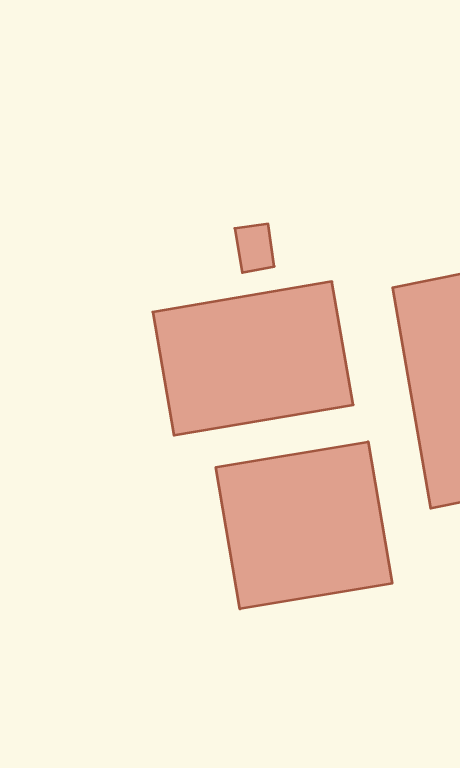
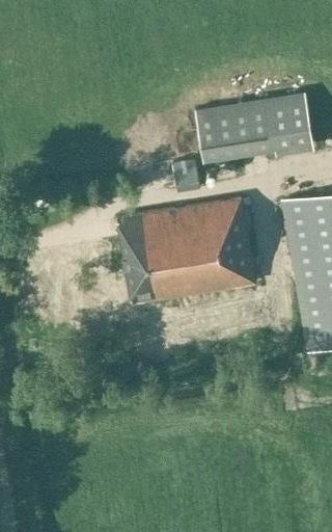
building: none -> [196,92,315,162]
building: [216,442,392,609] -> none

